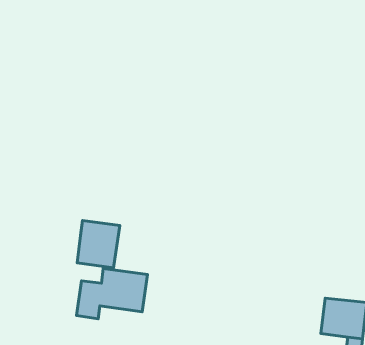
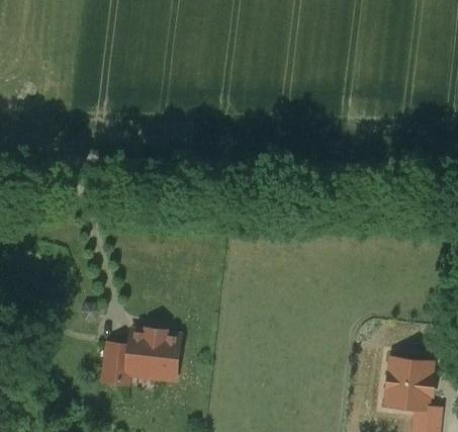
building: [77,221,120,268] -> none

